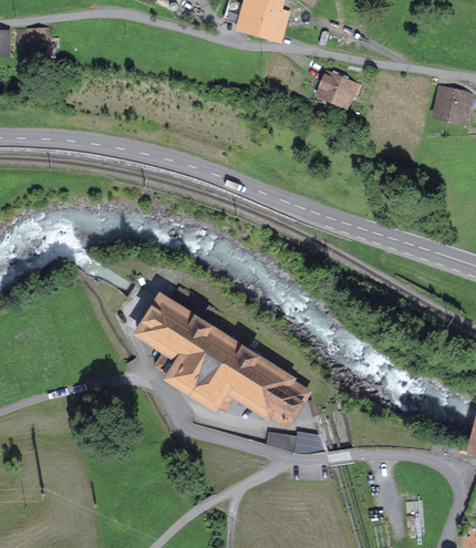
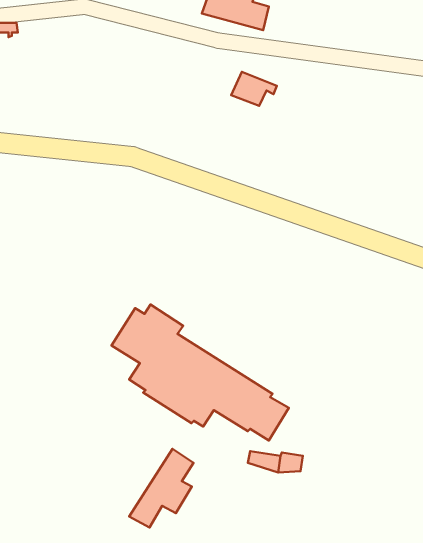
building: [317,72,360,104] -> [231,72,277,106]
building: none -> [129,449,193,527]

